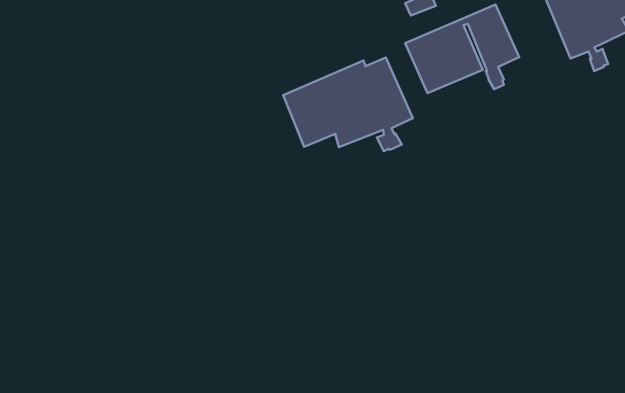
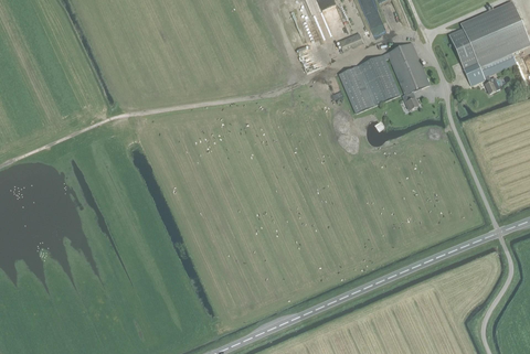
building: [283,57,413,151] -> none

